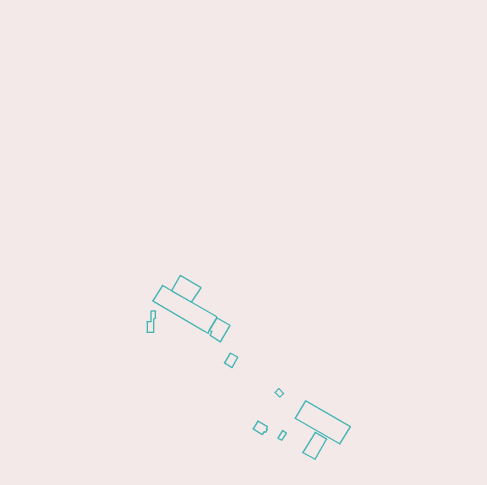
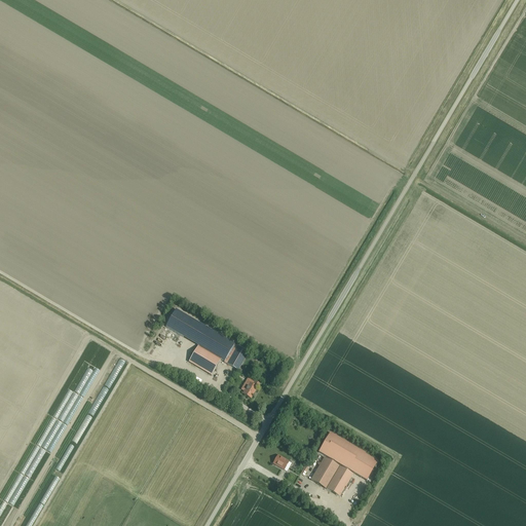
building: [172,276,201,302] -> [188,343,220,372]
building: none -> [310,455,339,487]

